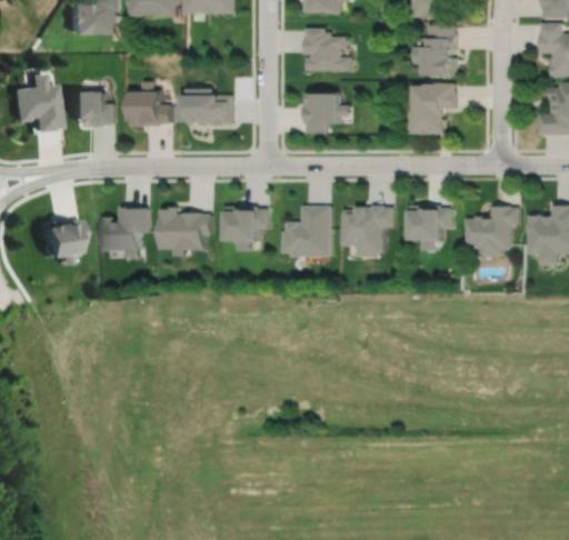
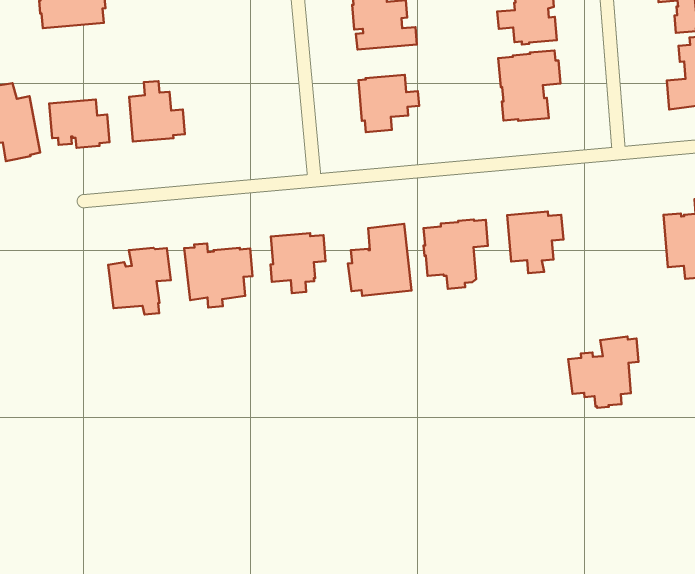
building: [182,88,232,126] -> none
building: [465,206,518,258] -> [568,336,638,408]
building: [37,220,80,267] -> none

